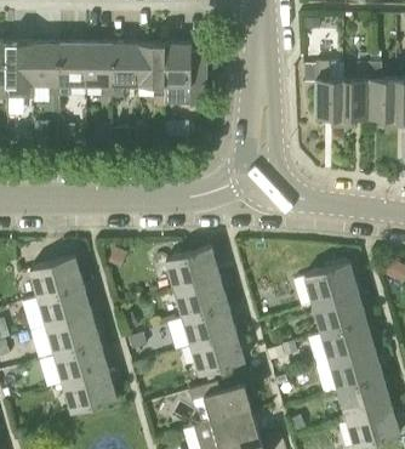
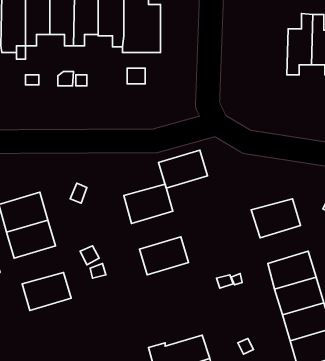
building: [315,61,344,127] -> none
building: [173,275,227,317] -> [158,150,208,188]
building: [313,291,365,333] -> none
building: [46,313,99,354] -> none
building: [190,331,244,375] -> none
building: [63,370,116,411] -> none
building: [188,381,250,422] -> none

